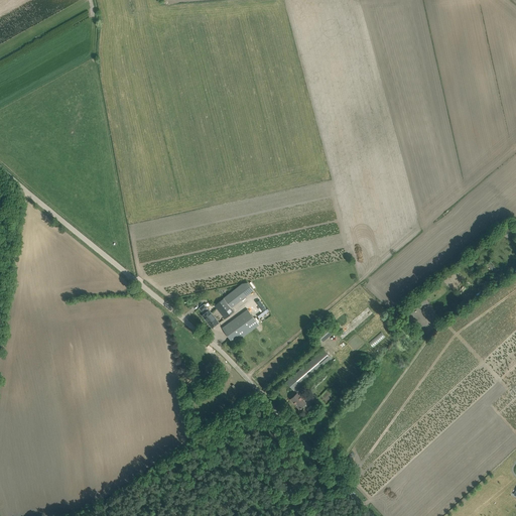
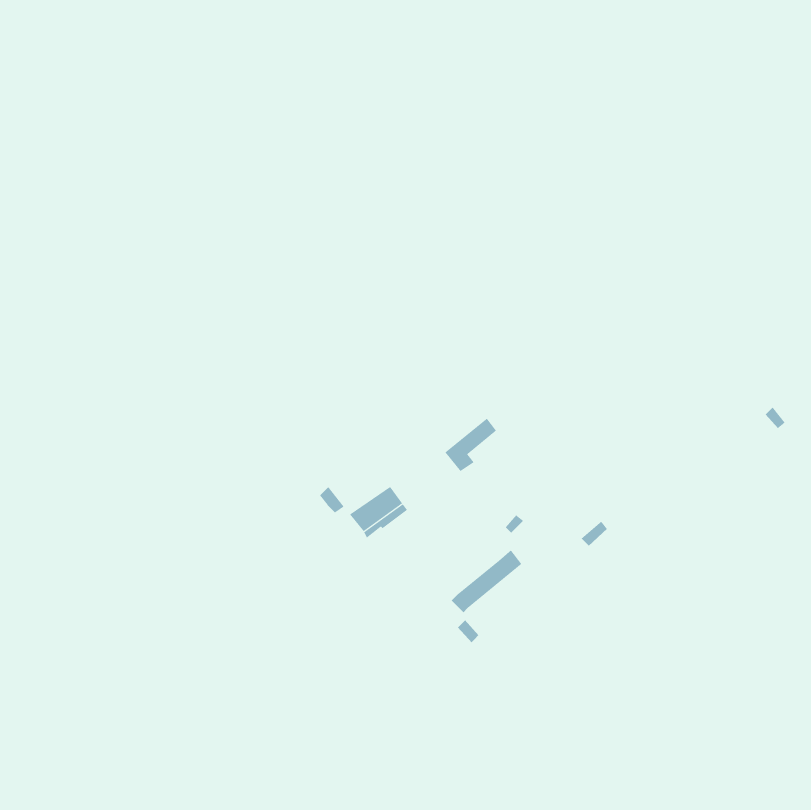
building: [216,282,249,316] -> [444,418,497,472]

